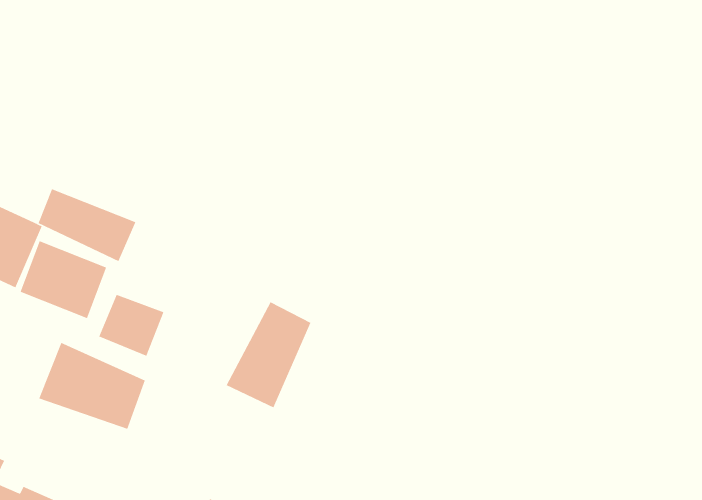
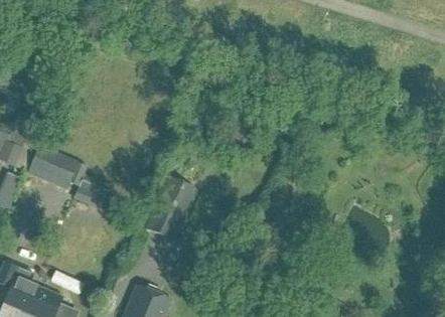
building: [38,188,136,262] -> none
building: [38,342,146,430] -> none

